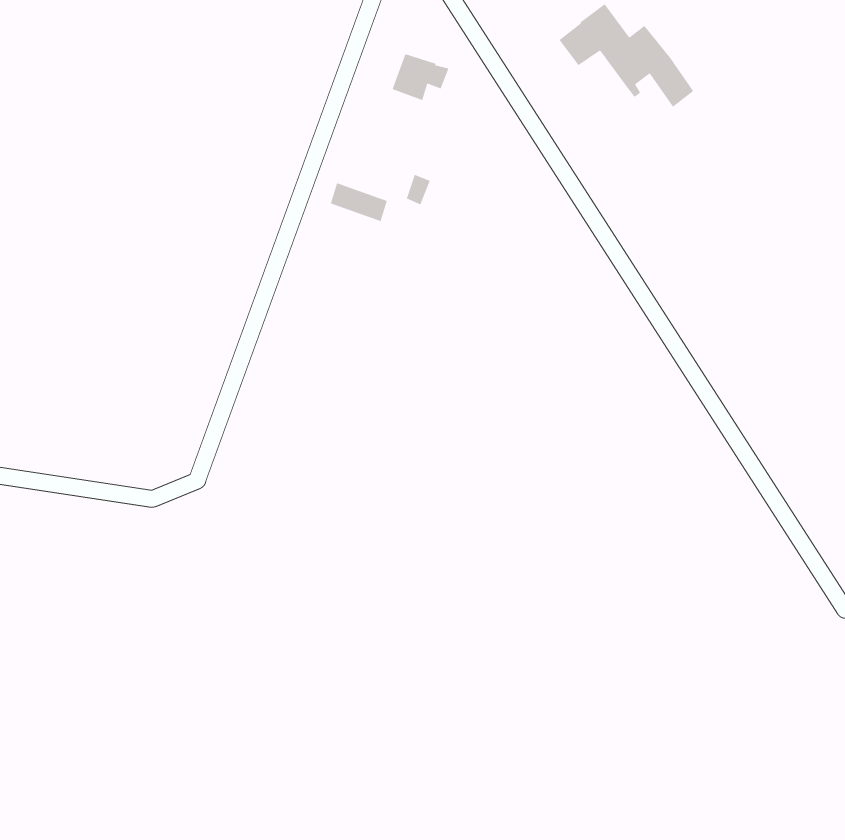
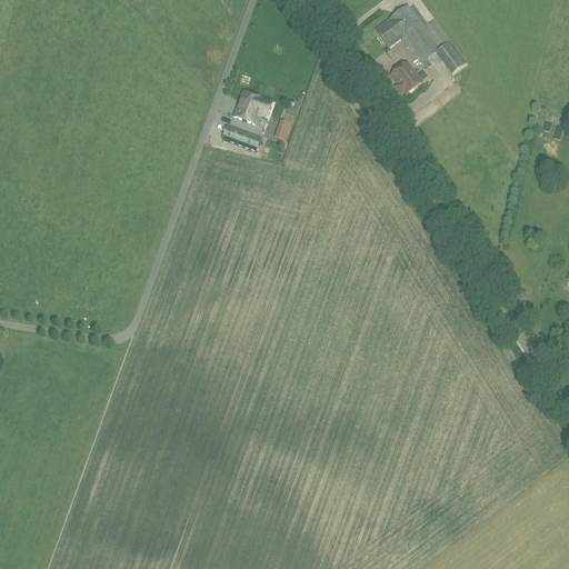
building: [391,53,449,101] -> [232,90,271,122]
building: none -> [390,60,421,92]

